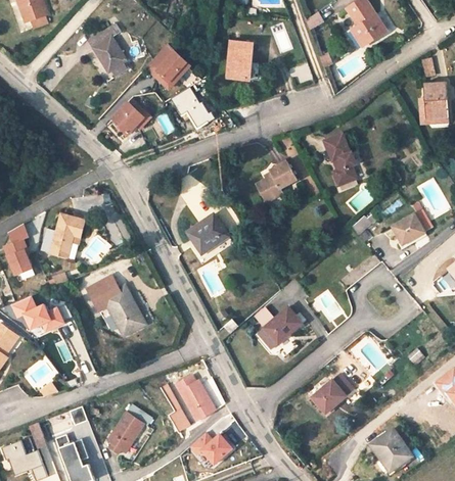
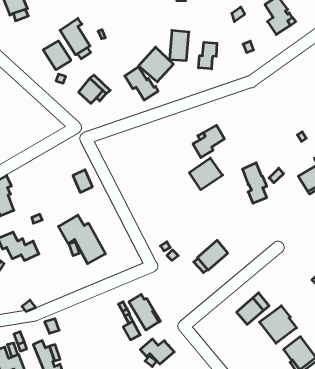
building: [146,44,190,88] -> [139,47,173,82]
building: none -> [43,41,71,70]
building: none -> [199,42,217,69]
building: [325,134,356,185] -> [242,163,267,203]
building: [50,213,85,257] -> none
building: [187,213,229,253] -> [189,158,223,190]
building: none -> [259,306,297,343]
building: [108,403,153,453] -> none

